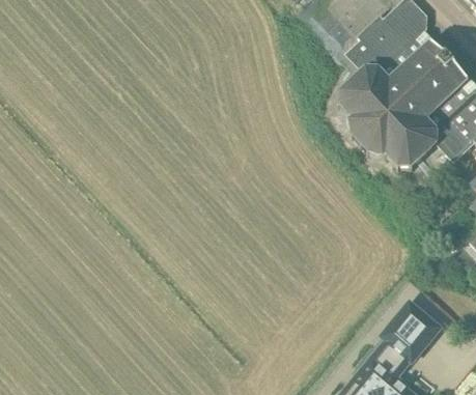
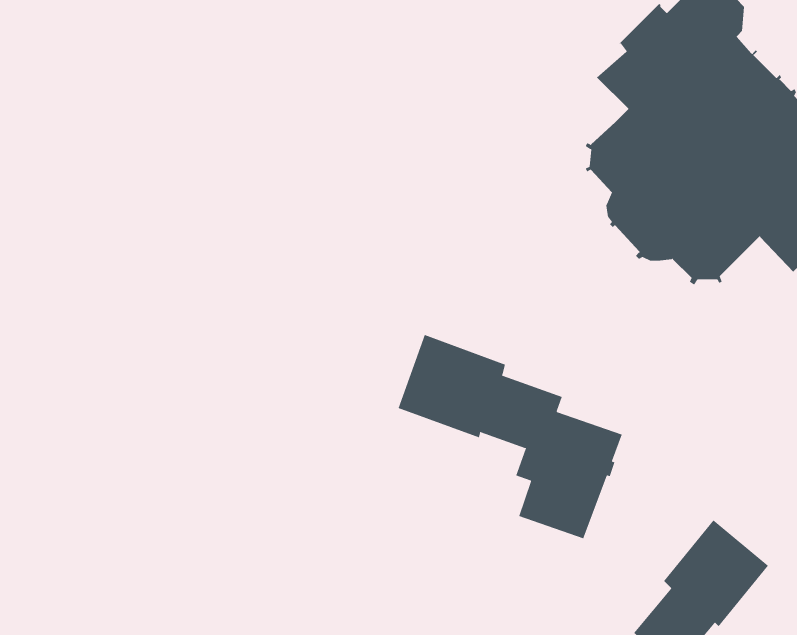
building: none -> [398,334,622,539]

